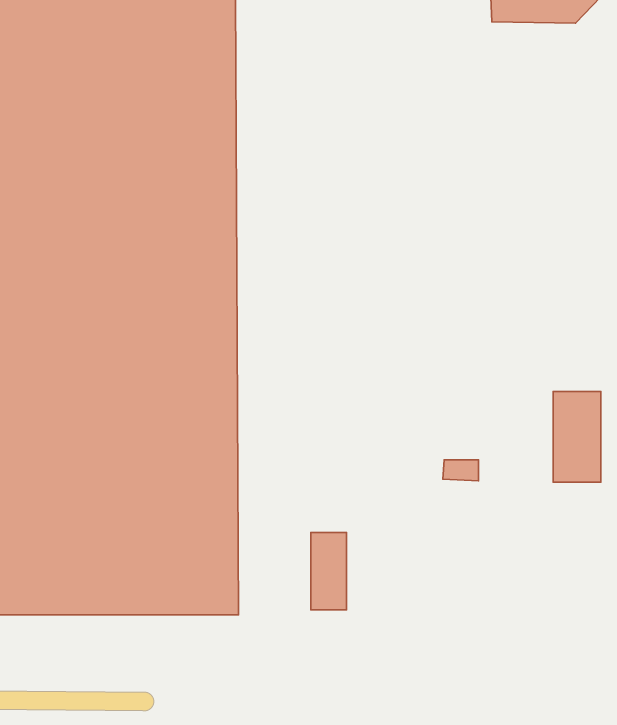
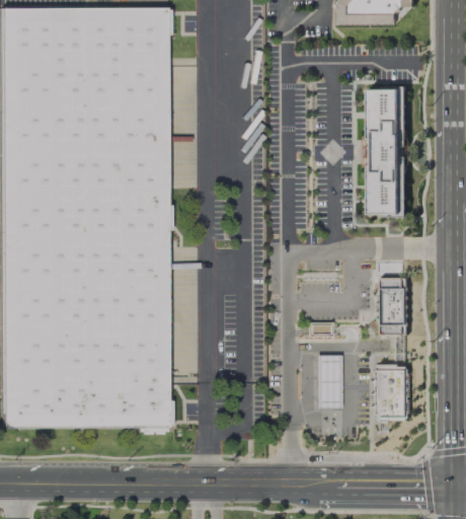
building: none -> [371,88,407,216]
building: none -> [378,368,409,417]
building: [311,532,347,610] -> [317,354,341,406]

